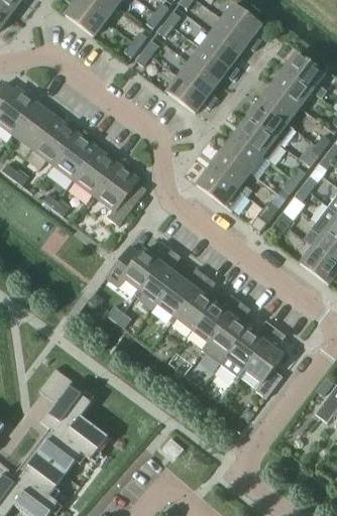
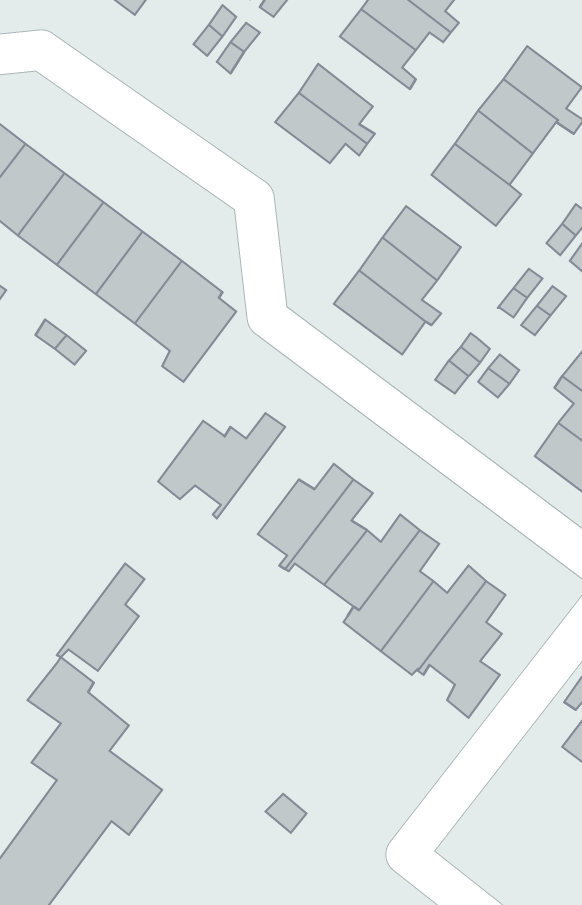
building: [188,46,235,83] -> none
building: [233,118,279,160] -> none
building: [135,248,181,303] -> [57,563,145,671]

